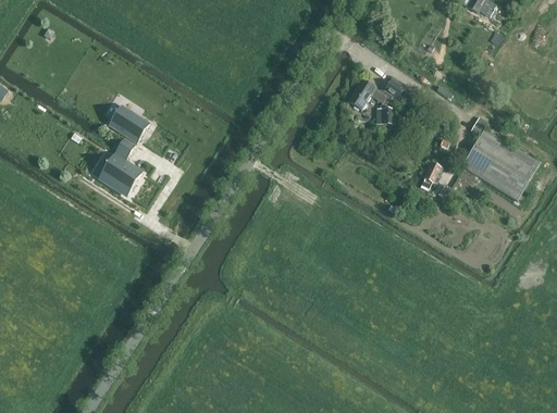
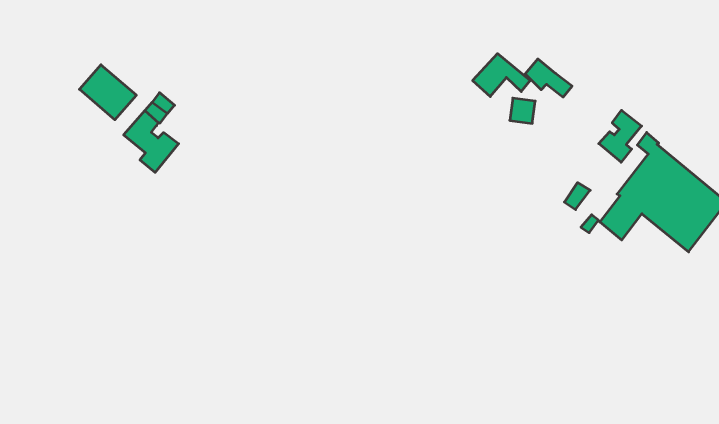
building: [108,104,149,142] -> [79,65,136,120]
building: none -> [599,110,642,162]

